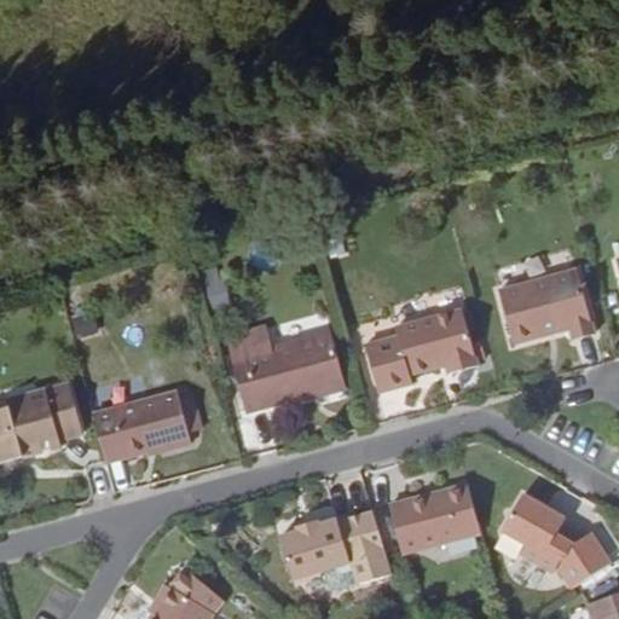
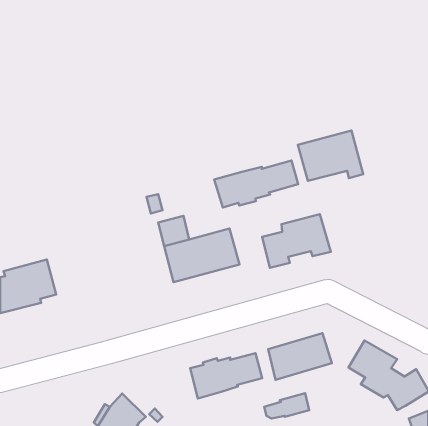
building: none -> [214,160,298,208]
building: [501,270,595,342] -> [298,131,363,181]
building: [96,384,193,453] -> none
building: [319,549,384,585] -> [264,393,309,418]

